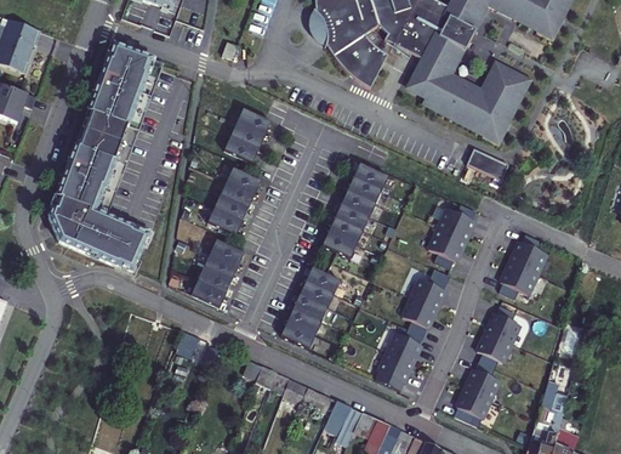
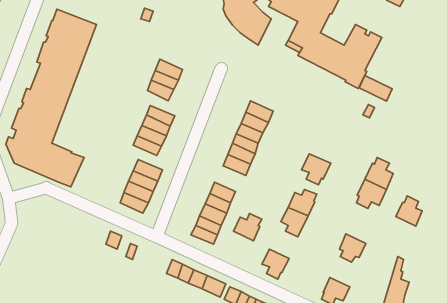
building: [467,148,509,181] -> [359,76,392,101]
building: [437,205,474,242] -> none
building: [484,306,518,345] -> [396,196,422,226]
building: [386,329,422,364] -> [234,213,262,241]
building: [463,362,497,401] -> none

